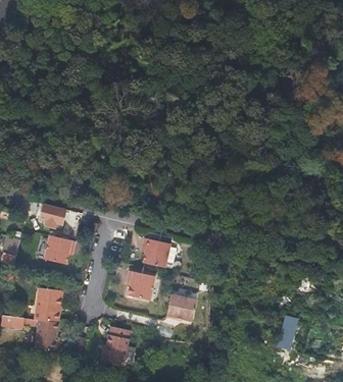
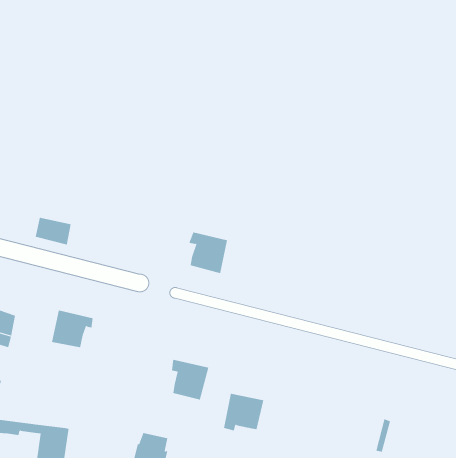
building: [40,205,66,225] -> [35,217,72,245]
building: [146,239,175,270] -> [188,232,228,274]
building: [34,288,61,322] -> none

